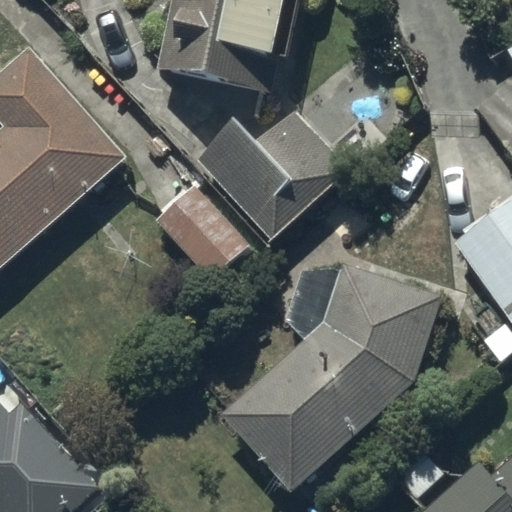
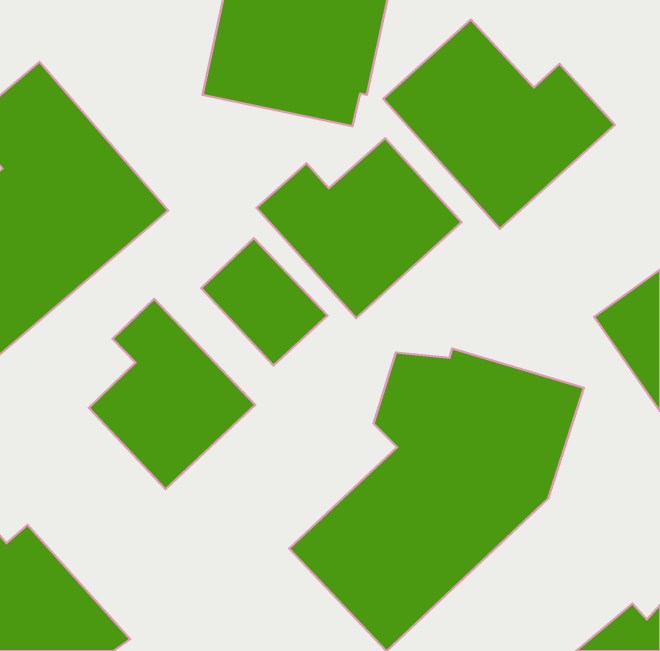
building: none -> [383,20,615,229]
building: none -> [89,299,255,489]

